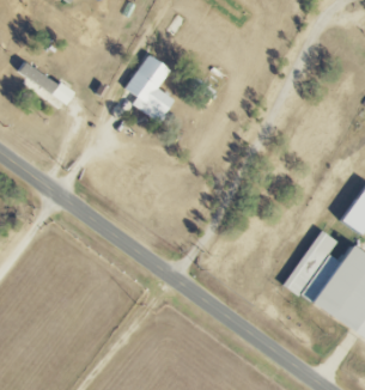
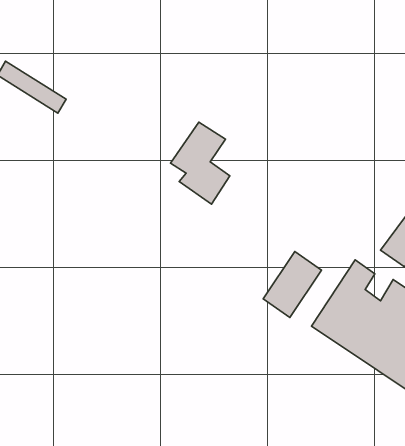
building: [124,53,175,122] -> [171,122,230,204]
building: none -> [263,251,321,318]

